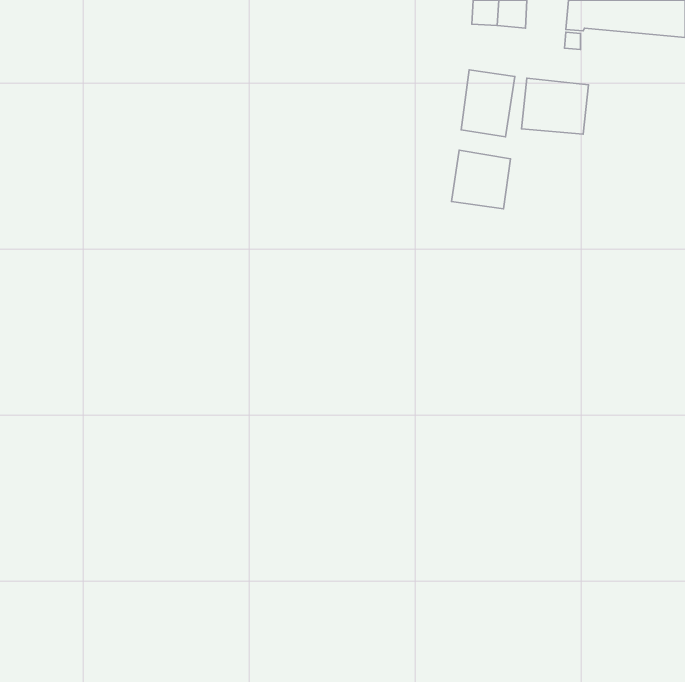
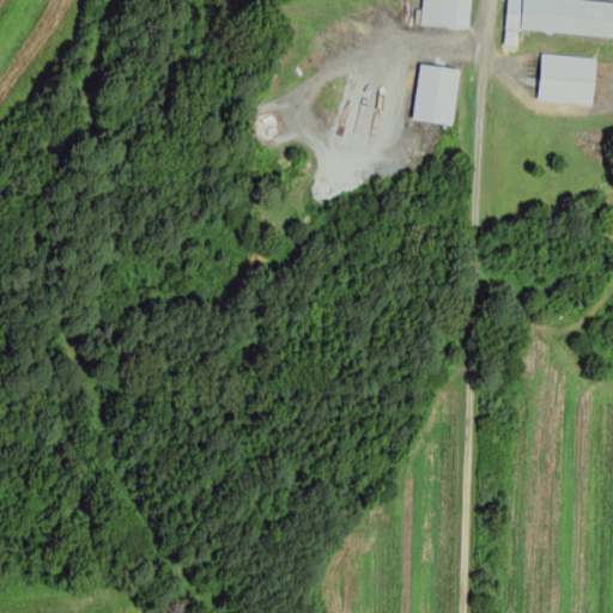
building: [522,78,589,134] -> [538,54,597,104]
building: [451,150,511,209] -> none

